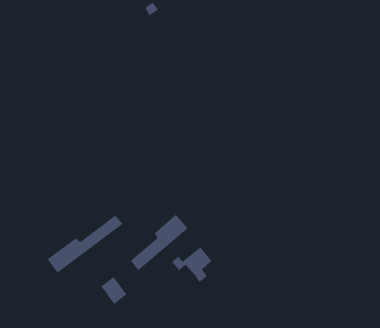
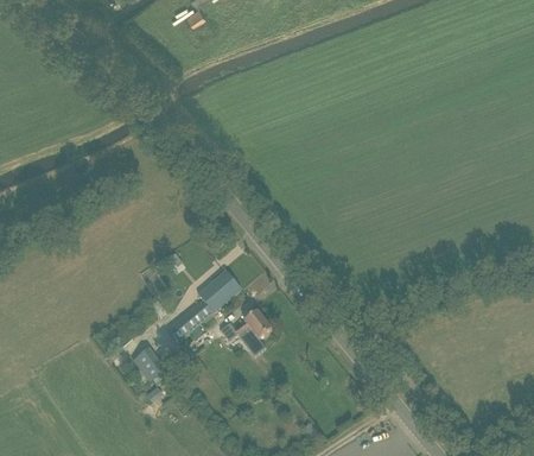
building: [47,215,124,274] -> none

